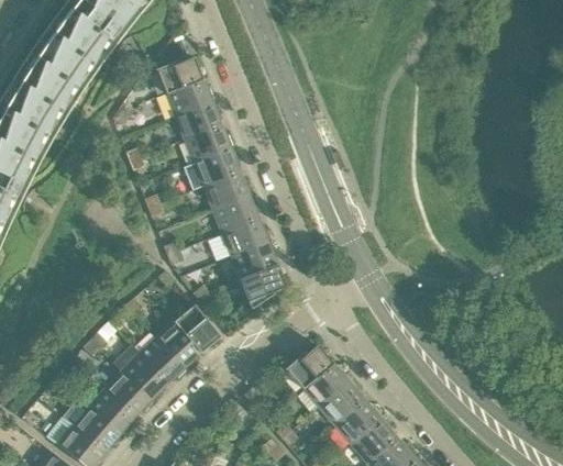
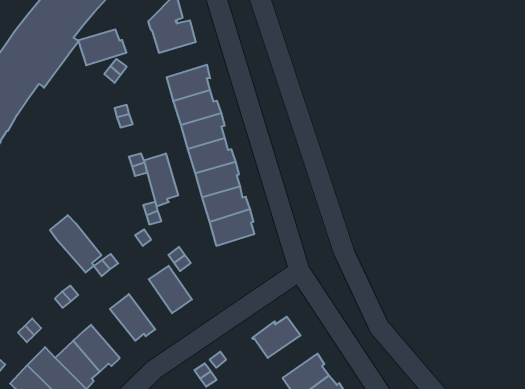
building: [165,79,214,118] -> [78,29,127,65]
building: none -> [144,153,178,207]
building: [240,266,285,310] -> none
building: [156,321,201,370] -> none
building: [113,346,167,402] -> [50,215,101,273]
building: [301,364,351,408] -> none

